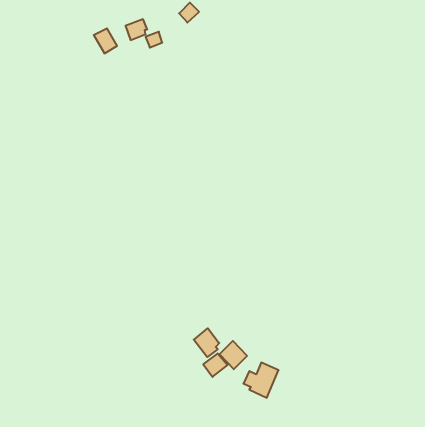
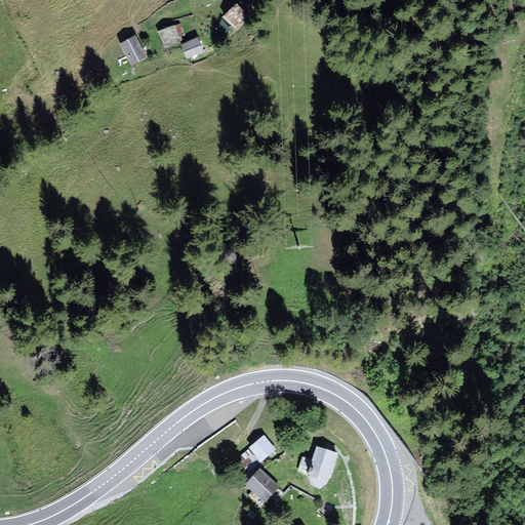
building: [194,328,219,357] -> none
building: [220,341,247,369] -> [247,469,281,503]

